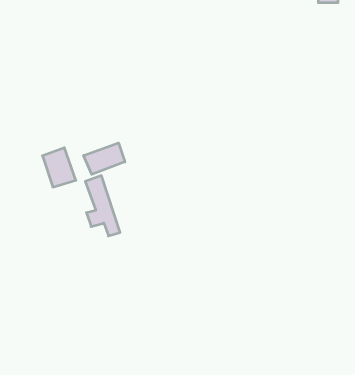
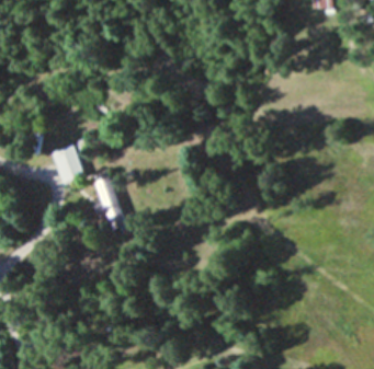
building: [84,143,125,174] -> none

